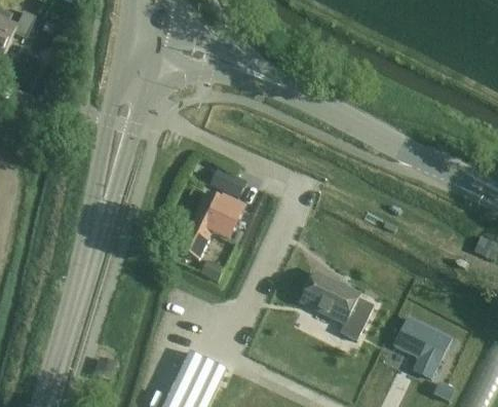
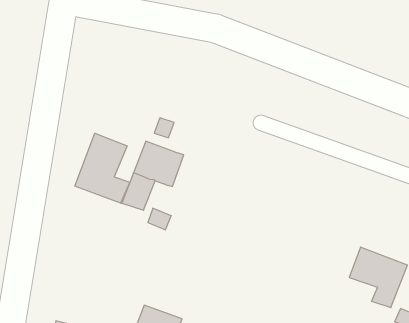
building: none -> [75,133,130,203]
building: [299,269,373,339] -> none

